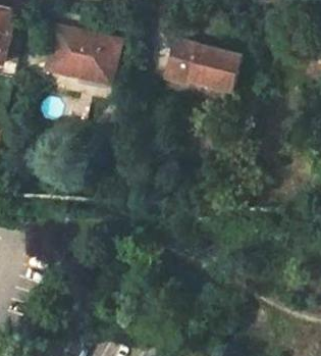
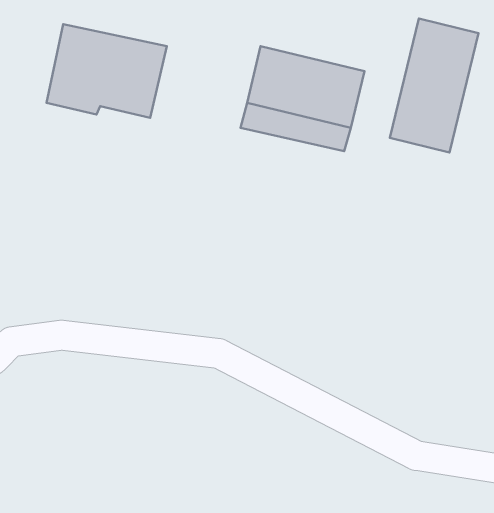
building: none -> [390,18,478,153]

